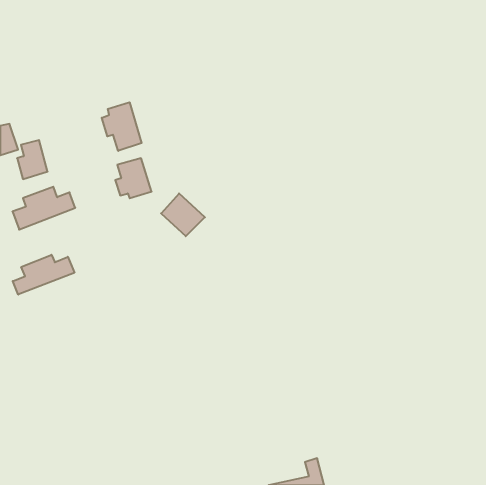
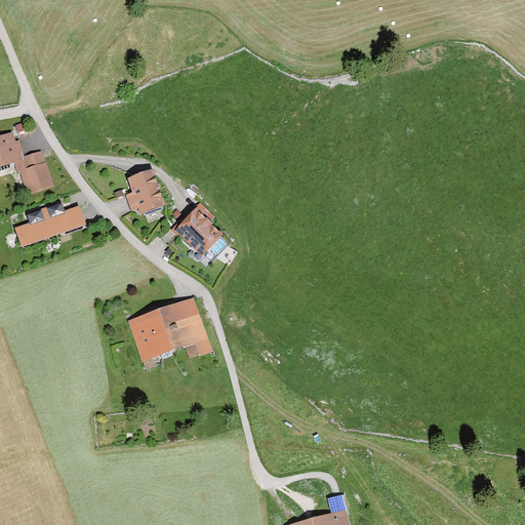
building: [102,102,142,151] -> none
building: [13,255,74,295] -> none
building: none -> [128,296,212,361]

